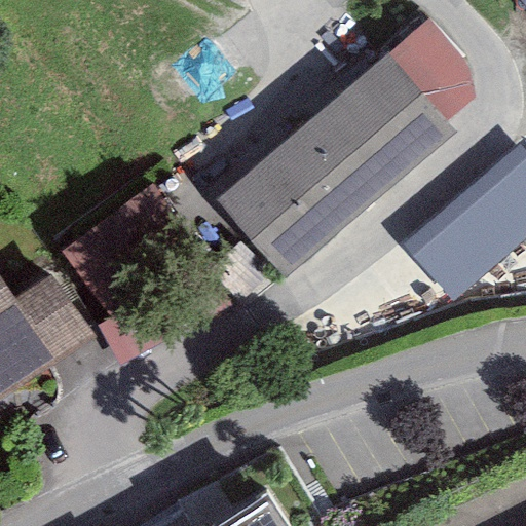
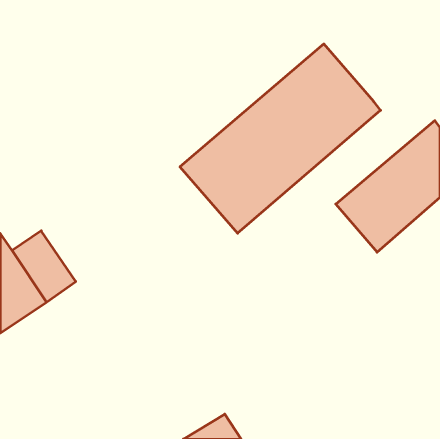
building: [386,18,476,121] -> none

